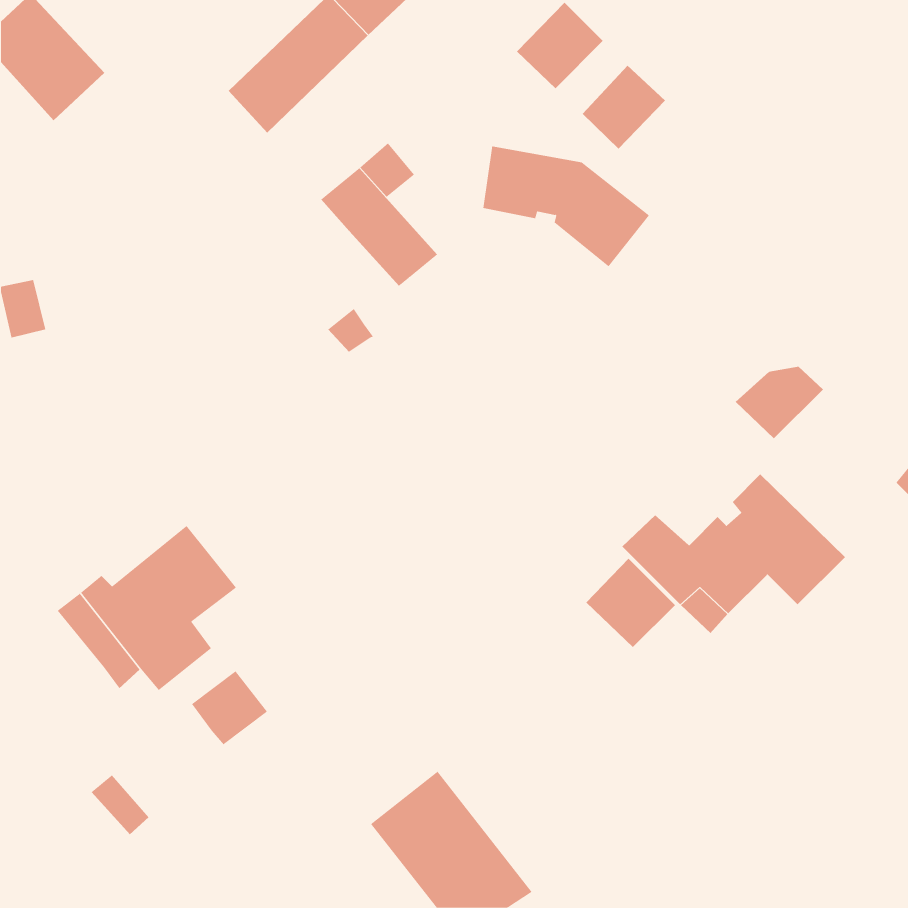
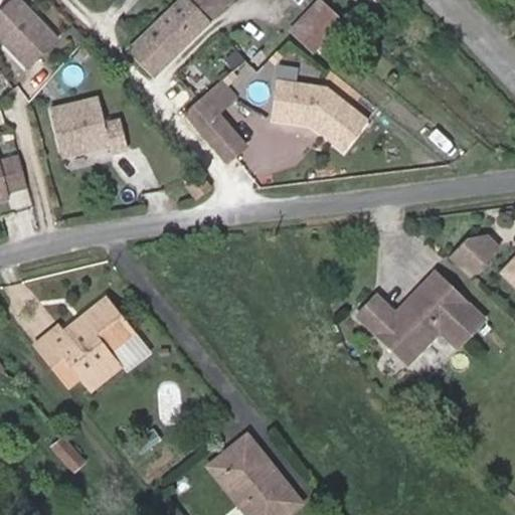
building: [582,65,666,150] -> none
building: none -> [51,98,128,155]
building: [735,366,824,439] -> [444,231,494,273]
building: [585,558,676,648] -> none
building: [191,670,268,745] -> [110,332,153,374]

